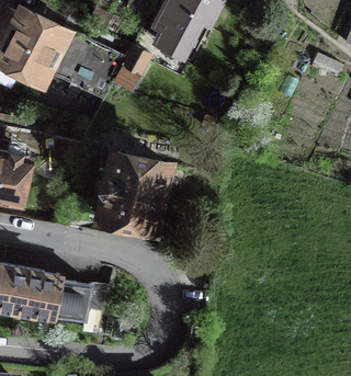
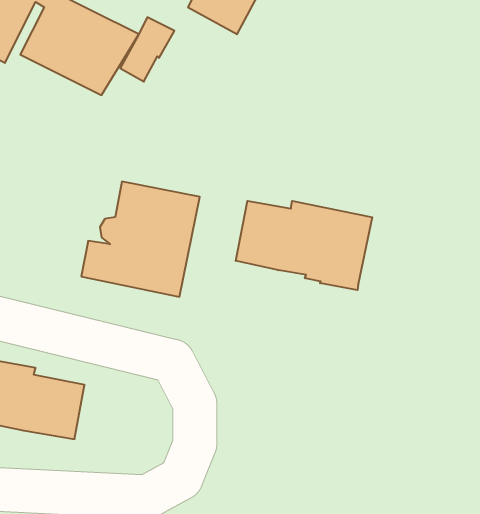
building: none -> [236,201,372,290]

